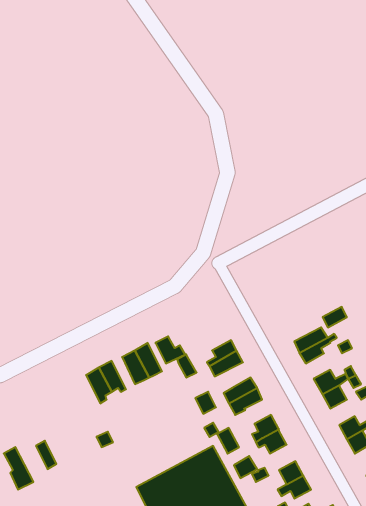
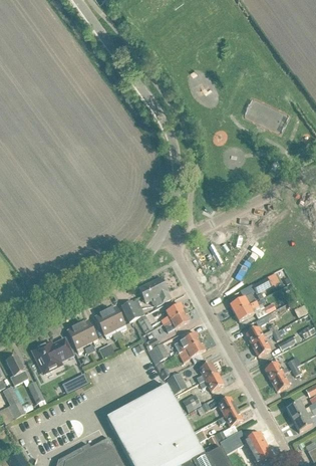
building: none -> [138,276,171,304]
building: none -> [32,337,73,373]
building: none -> [6,355,28,385]

